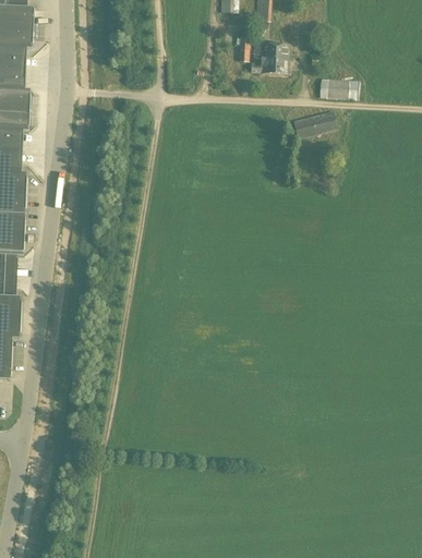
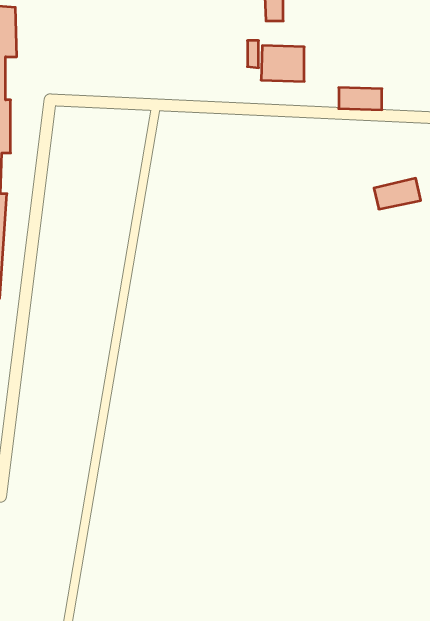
building: [296,110,337,137] -> [374,178,421,209]

